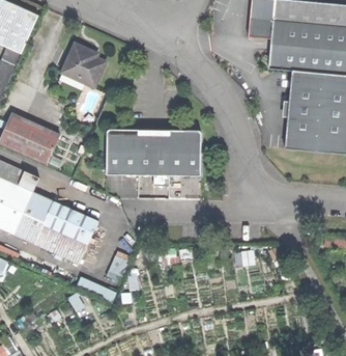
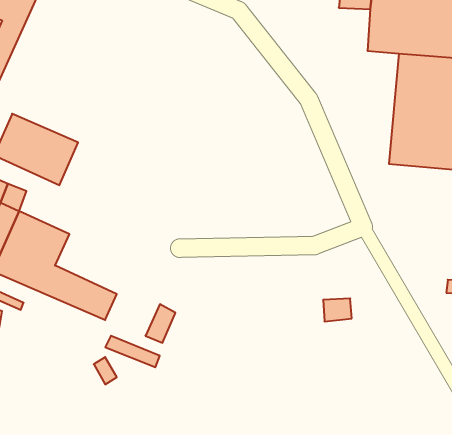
building: [62,42,106,86] -> none
building: [108,130,203,176] -> none
building: [44,200,99,244] -> none

